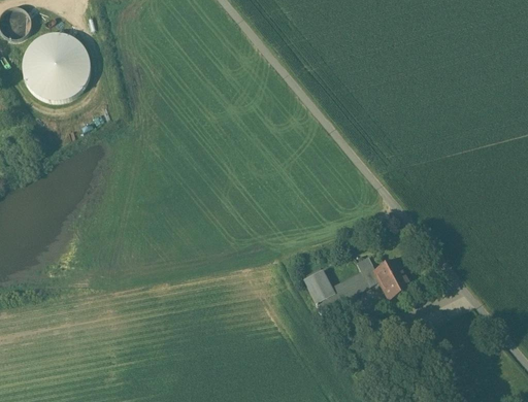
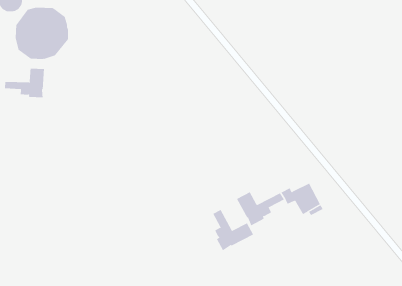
building: none -> [4,68,44,98]
building: none -> [213,209,254,251]

